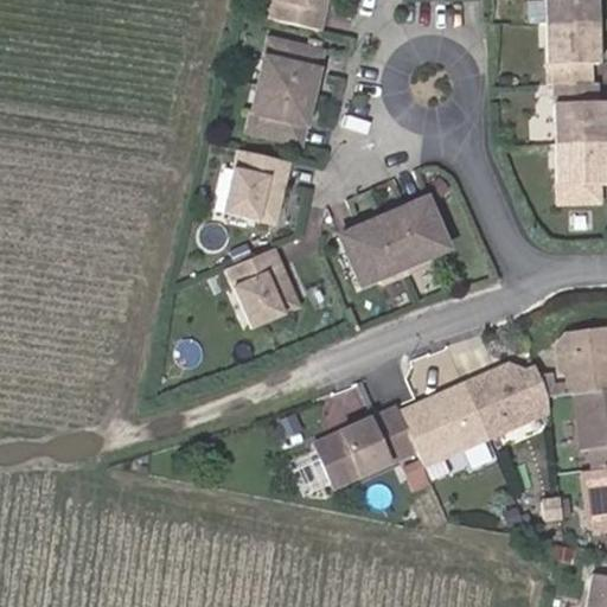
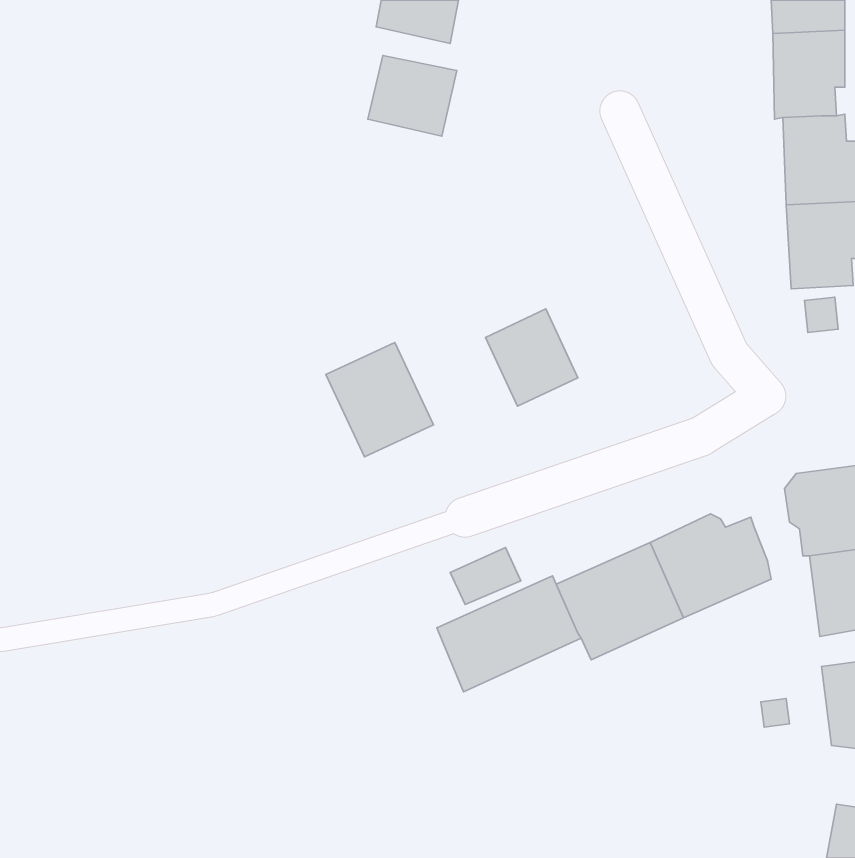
building: [253,84,314,142] -> none
building: [229,147,295,222] -> none
building: [388,199,453,267] -> none

